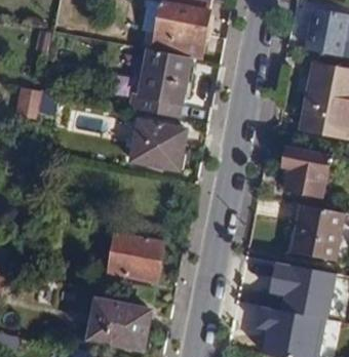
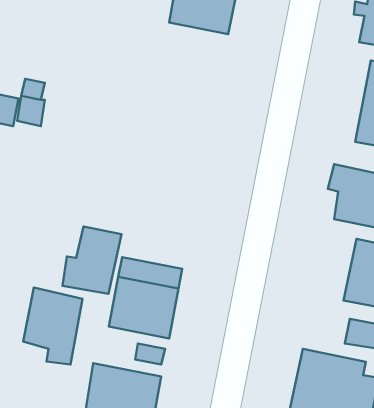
building: [137,50,190,118] -> none
building: [132,121,186,169] -> none
building: none -> [62,227,121,294]
building: none -> [23,287,83,365]

